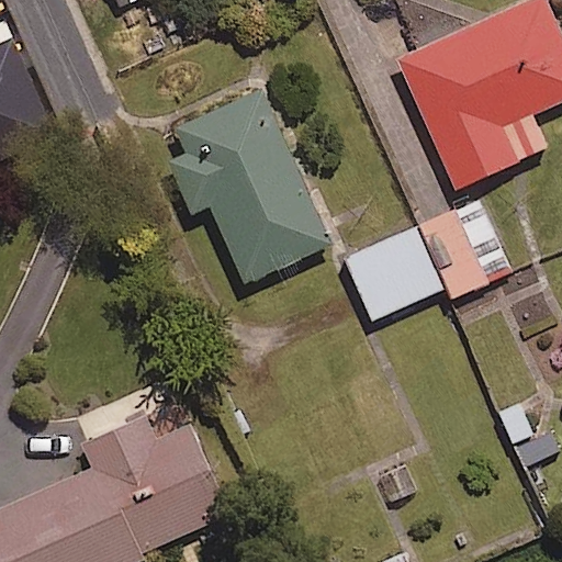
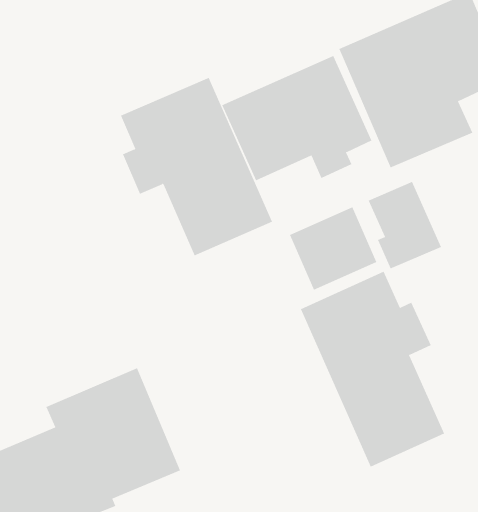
building: none -> [222,55,372,181]
building: none -> [300,271,445,467]

